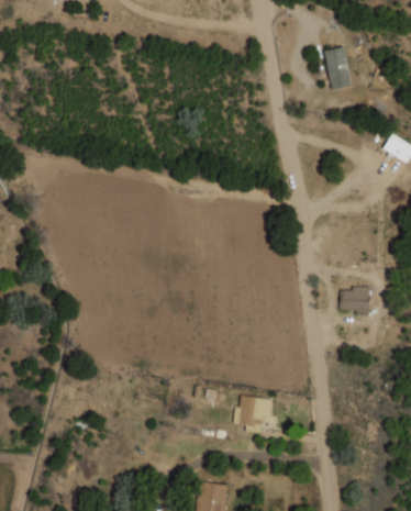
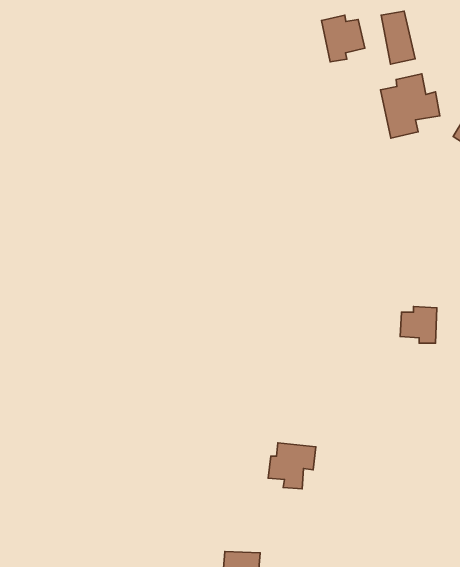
building: none -> [322,15,365,62]
building: none -> [381,74,440,138]

